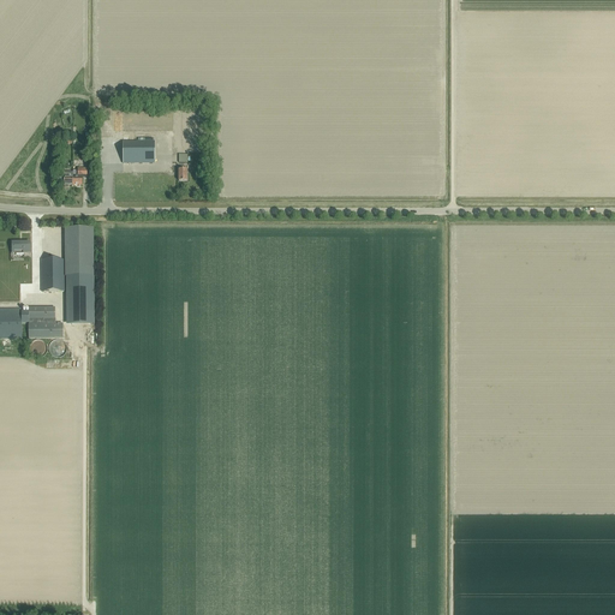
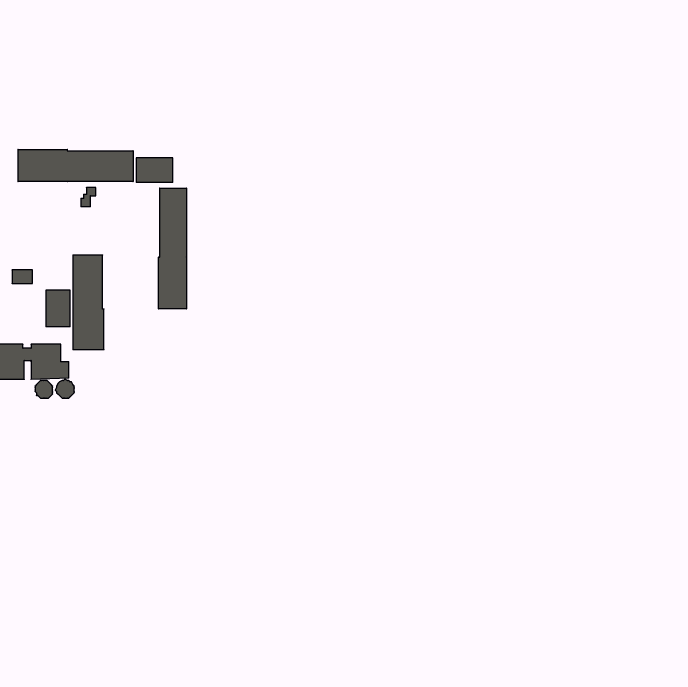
building: none -> [18,149,133,182]
building: none -> [159,188,186,309]

